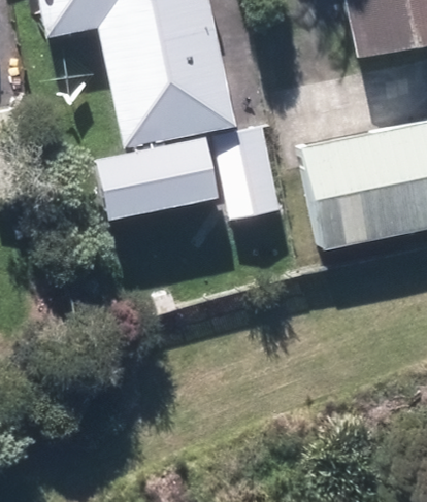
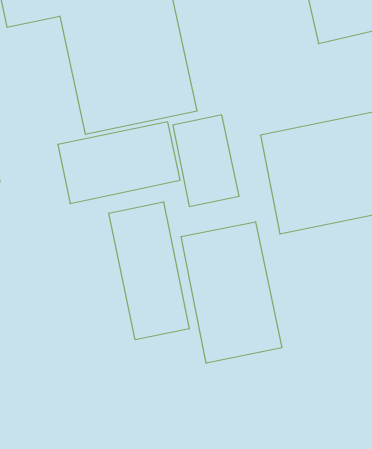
building: none -> [109,202,189,340]
building: none -> [181,222,282,363]

